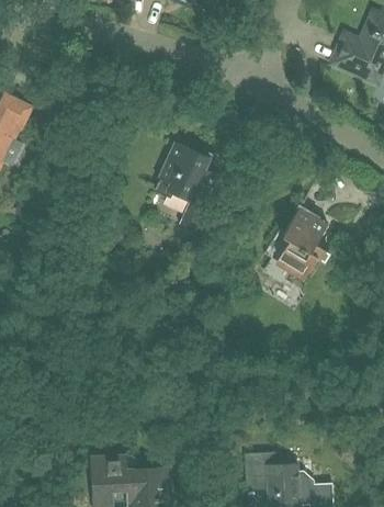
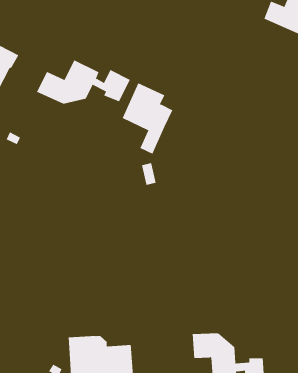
building: none -> [36,60,131,105]
building: [275,205,330,279] -> none

